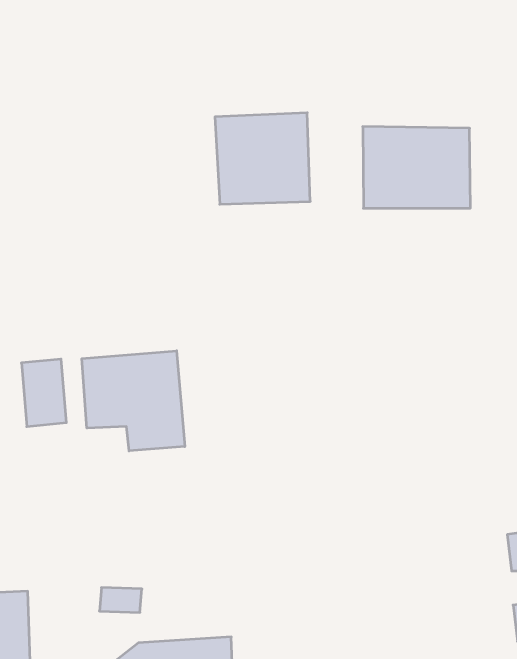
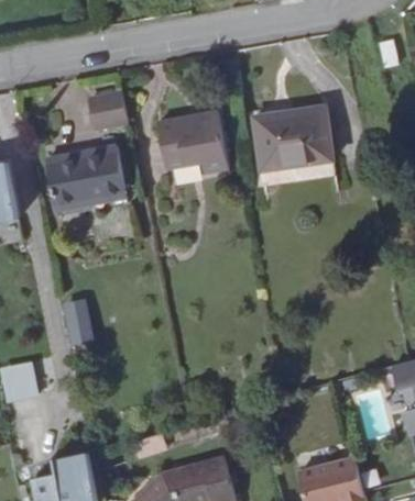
building: none -> [90,92,129,129]
building: none -> [51,145,128,213]
building: [82,351,185,451] -> none

